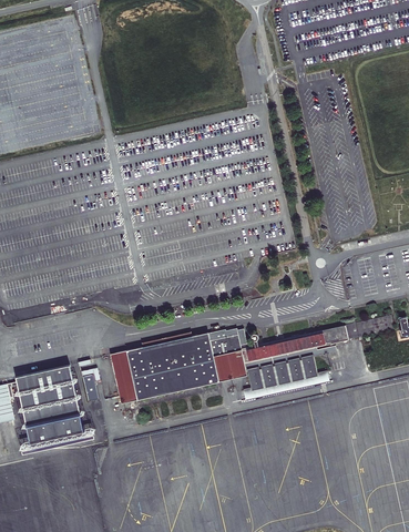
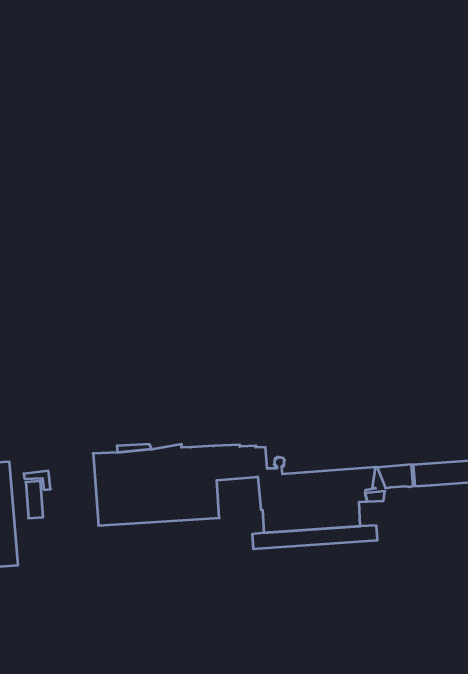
building: [213,350,246,382] -> none
building: [110,351,136,405] -> none

